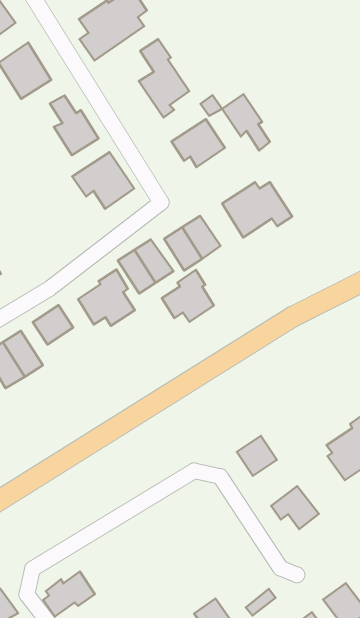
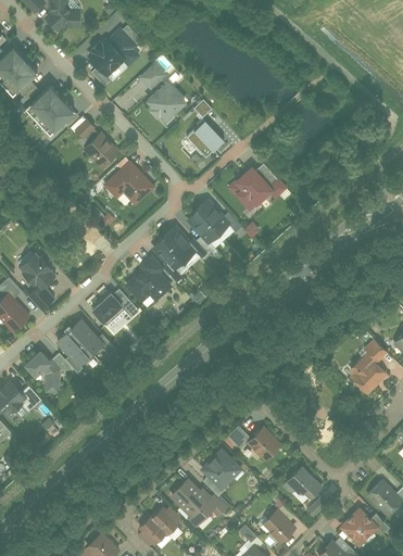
building: [222,94,270,150] -> none
building: [162,270,214,322] -> none
building: [237,436,277,476] -> [247,427,280,460]
building: [271,486,319,529] -> [282,465,323,500]
building: none -> [199,447,243,491]
building: none -> [169,478,216,523]

